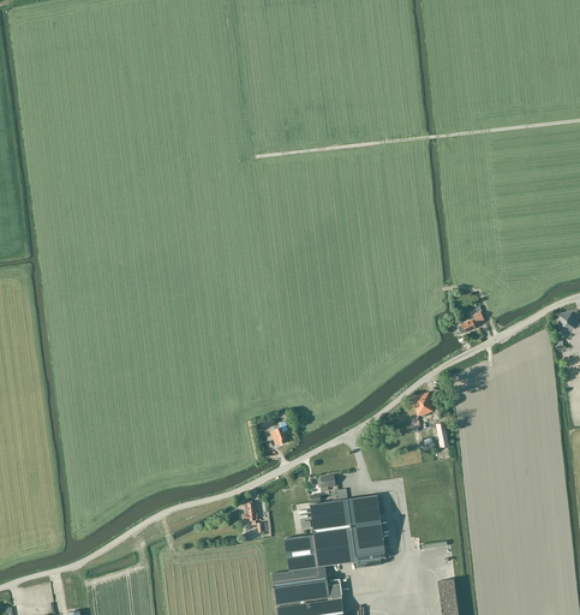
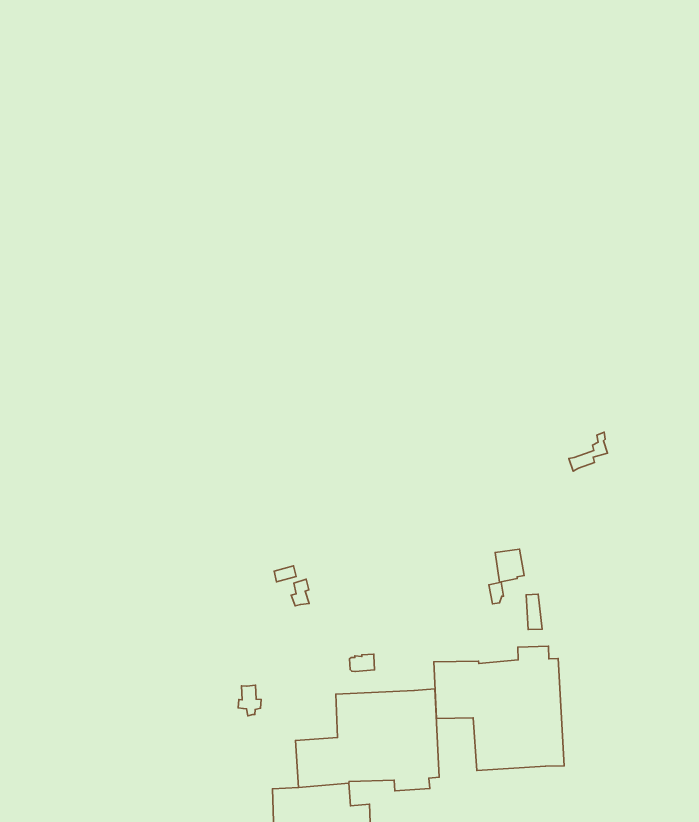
building: none -> [434,646,564,770]

